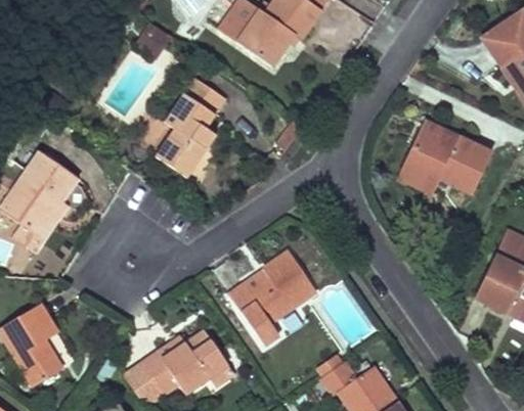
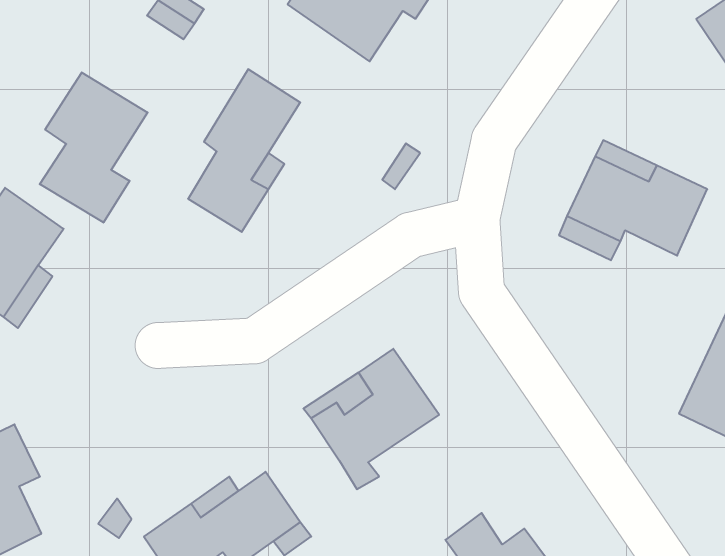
building: none -> [40,72,148,223]

